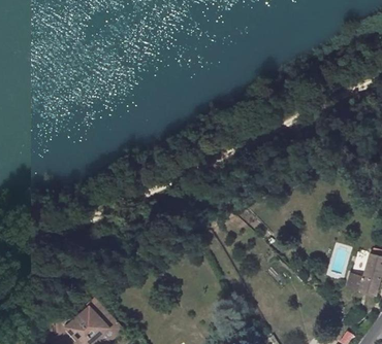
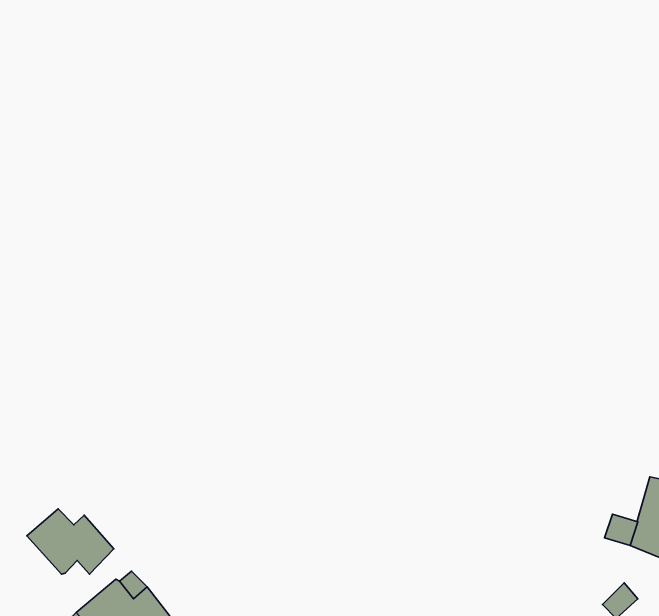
building: none -> [27,509,114,574]

